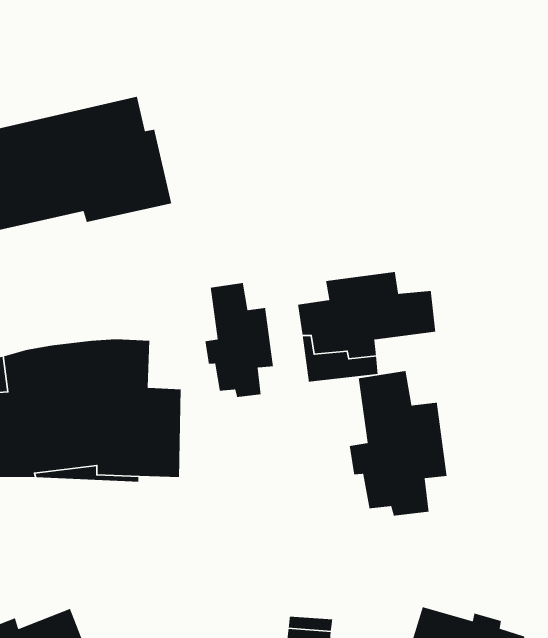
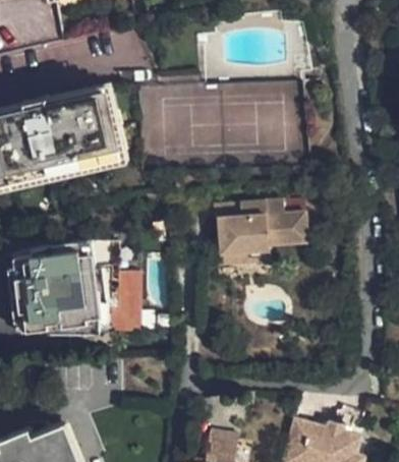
building: [204,282,274,398] -> none
building: [349,370,447,517] -> none

